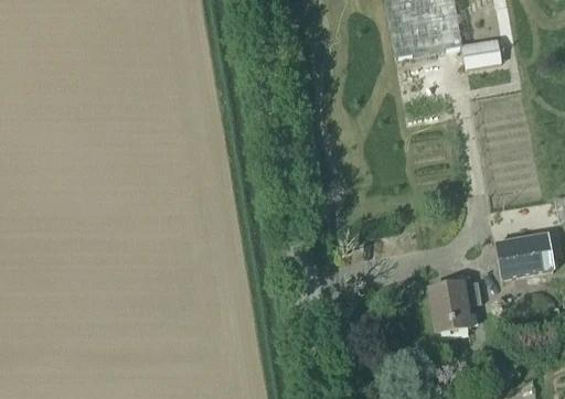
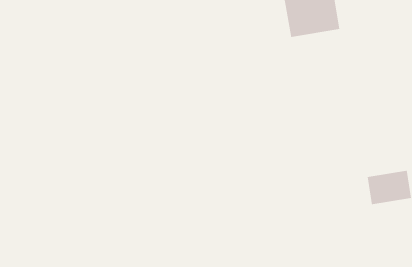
building: [461,40,500,67] -> none
building: [428,281,481,333] -> none

